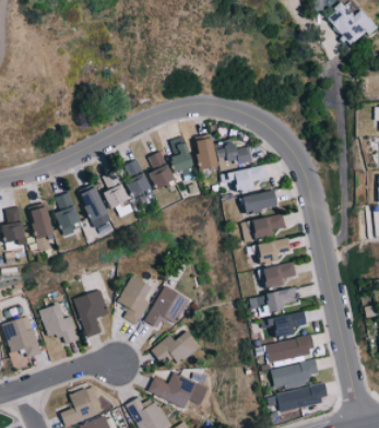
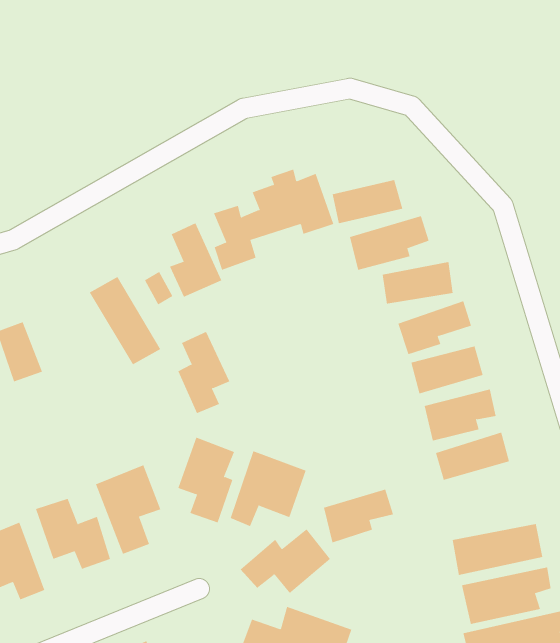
building: [52,192,81,237] -> [177,331,230,414]
building: [268,311,306,338] -> [323,489,394,543]

